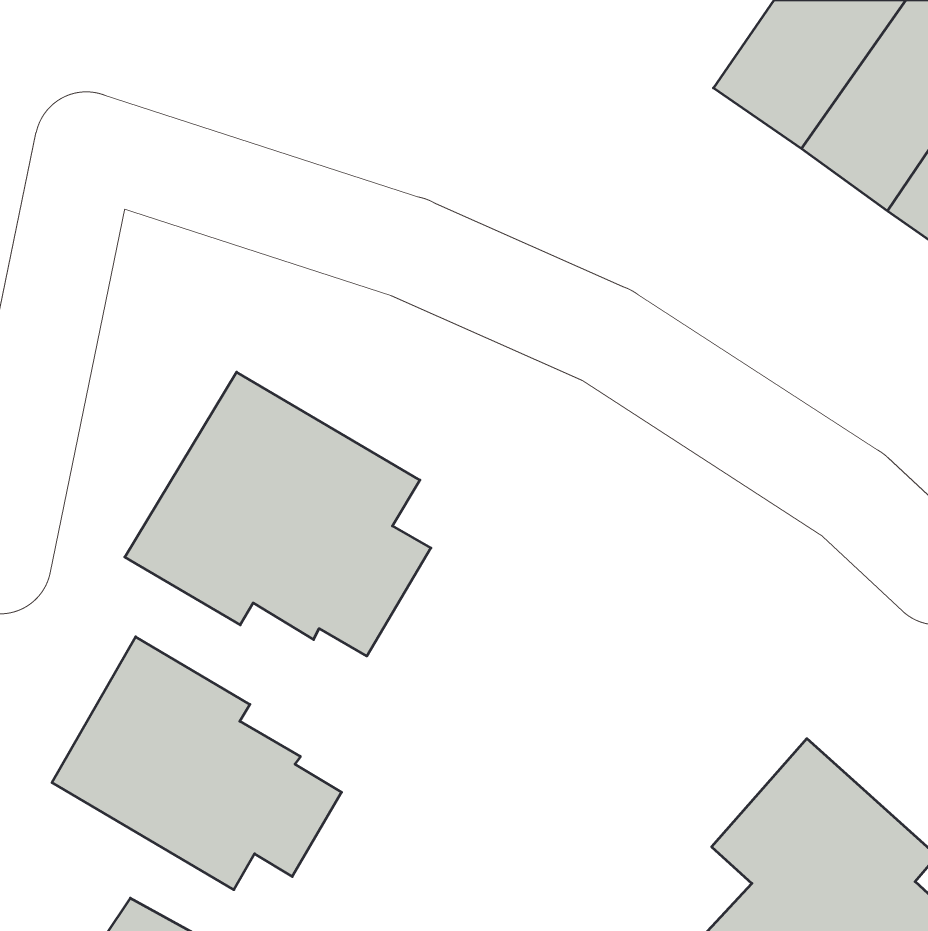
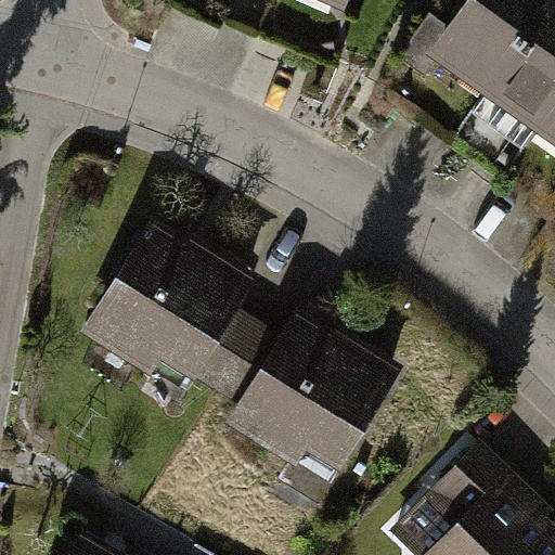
building: none -> [222,307,398,472]
building: [52,637,342,890] -> none

